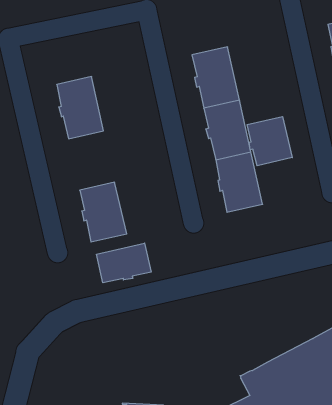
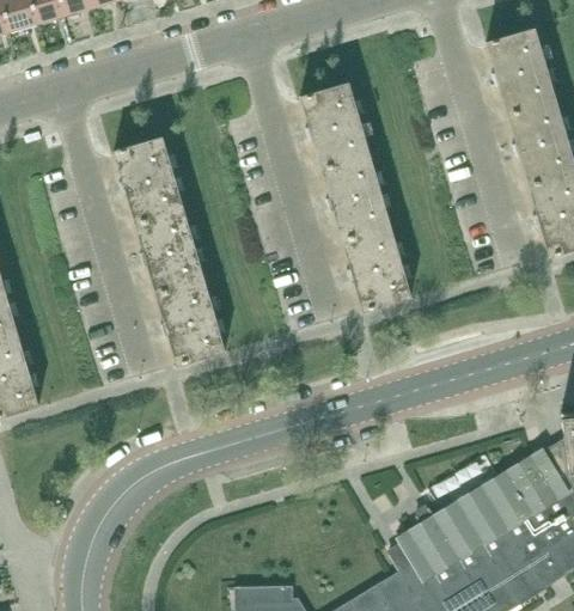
building: [247,117,292,166] -> none
building: none -> [136,210,204,295]
building: [97,243,151,283] -> none

